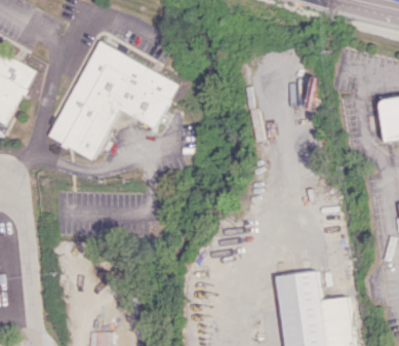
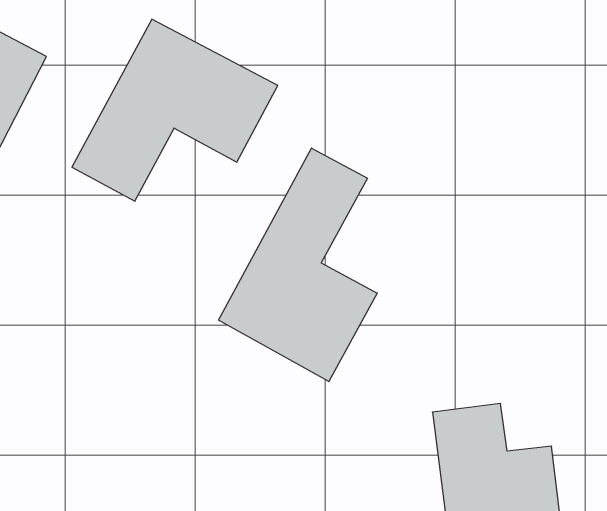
building: none -> [219,148,377,382]

